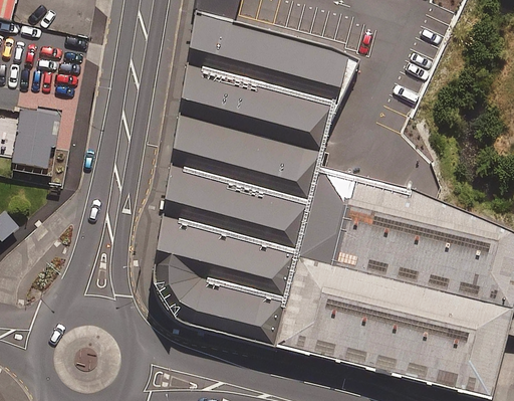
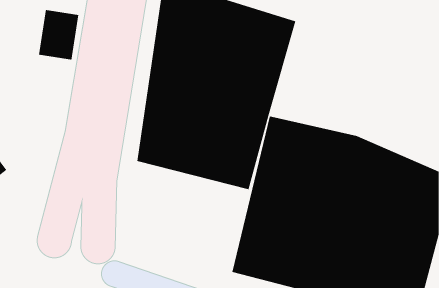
building: [12,110,59,168] -> [38,10,79,60]
building: [156,218,294,346] -> none

